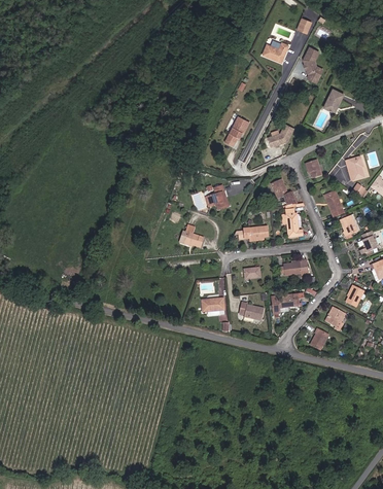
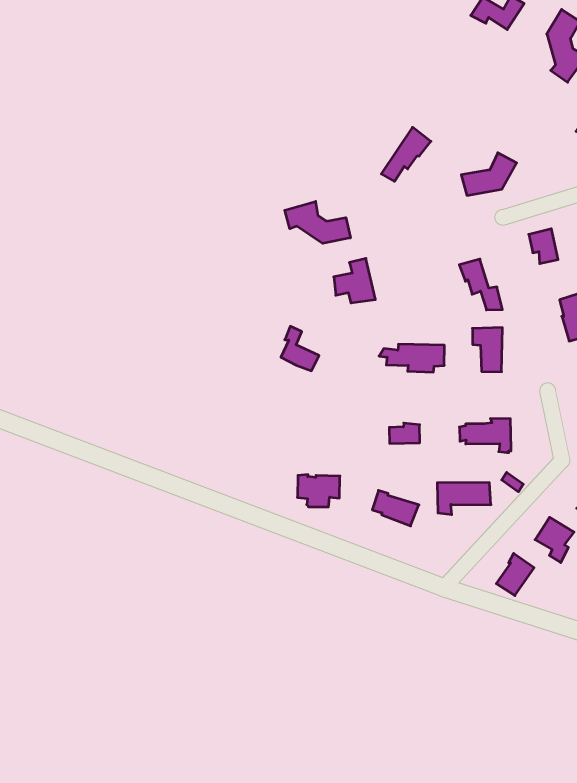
building: none -> [285,201,350,243]

